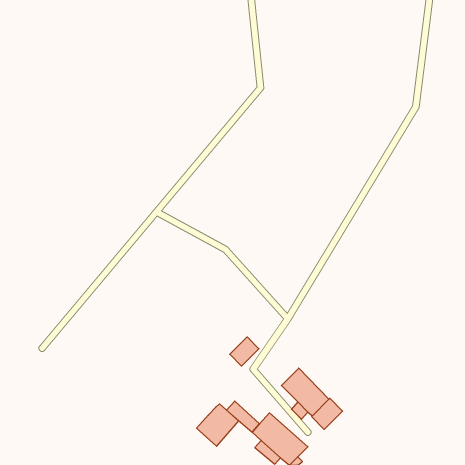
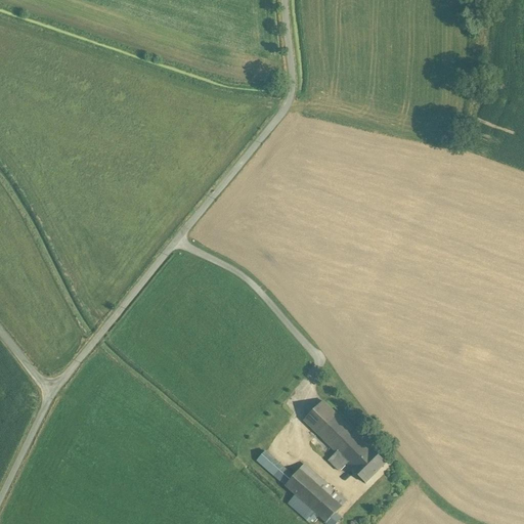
building: [230,337,259,366] -> [302,399,335,432]
building: [197,404,238,446] -> none

